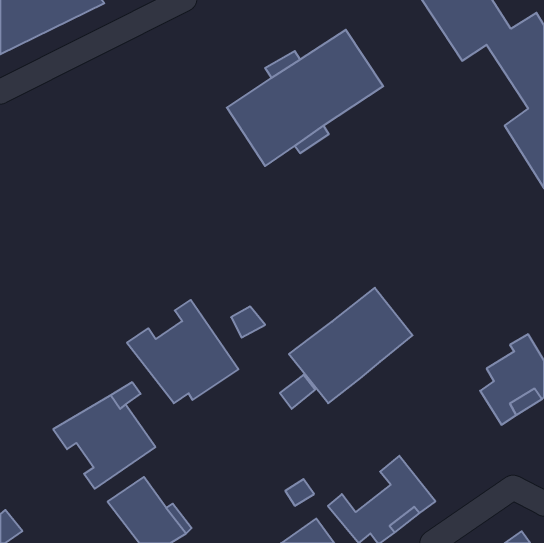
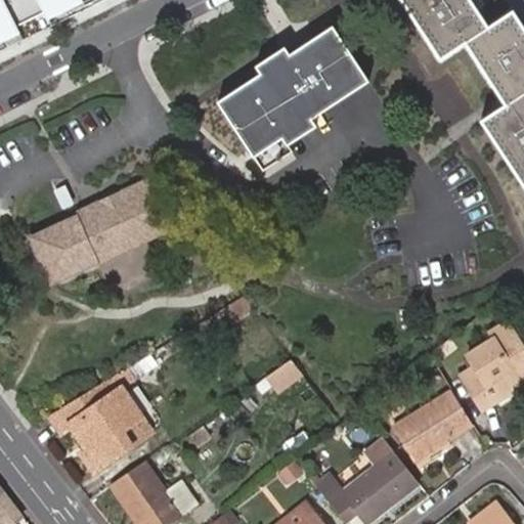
building: none -> [28,177,177,283]
building: [289,288,413,403] -> none
building: [127,300,238,403] -> none
building: none -> [392,389,472,457]

